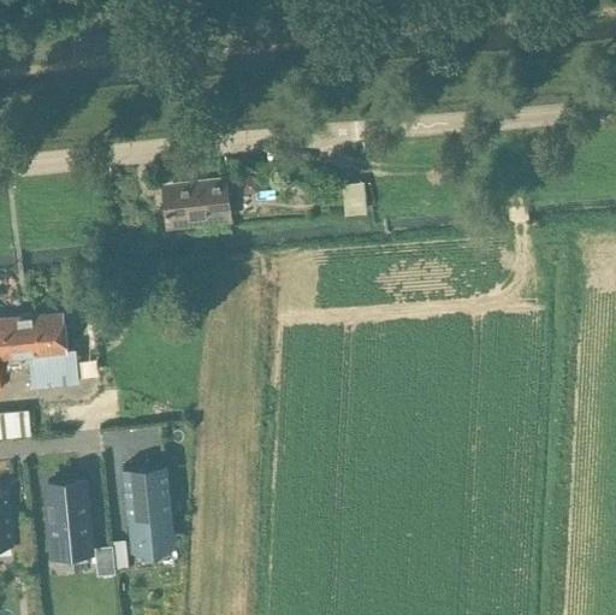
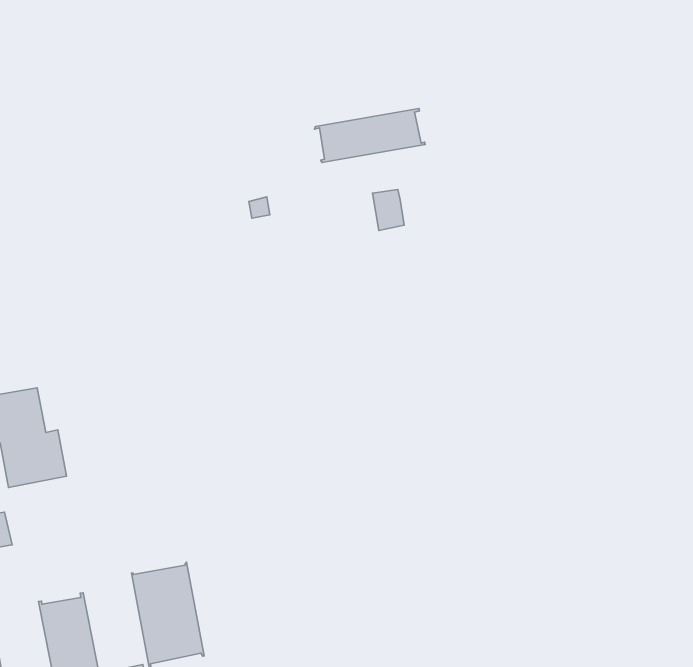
building: none -> [314,108,425,162]
building: [162,179,230,226] -> none

